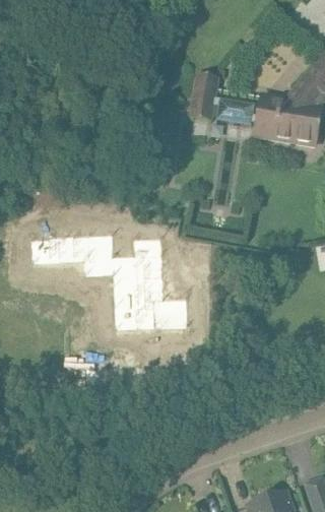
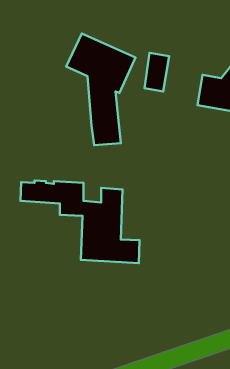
building: none -> [66,34,135,145]
building: [216,95,255,124] -> none

